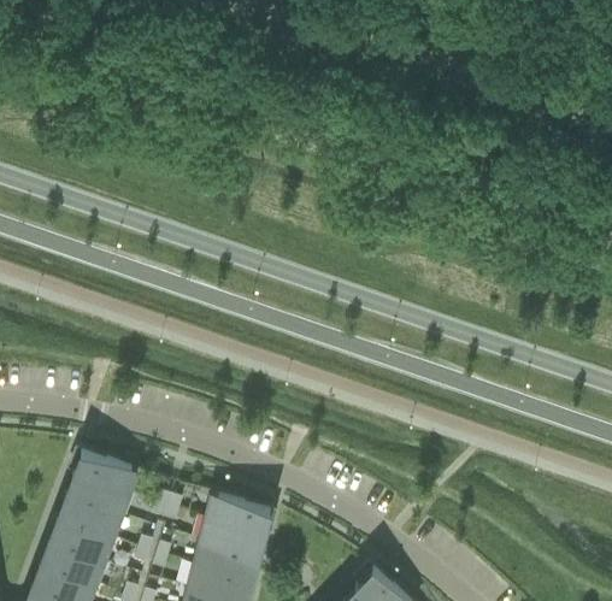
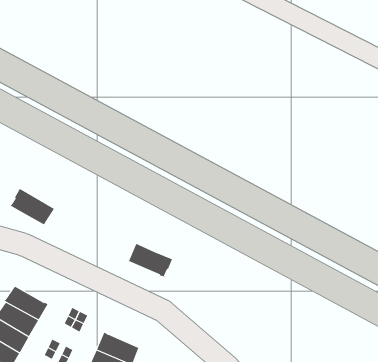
building: [73,447,133,490] -> [10,188,55,226]
building: [213,493,271,531] -> [128,243,173,277]

